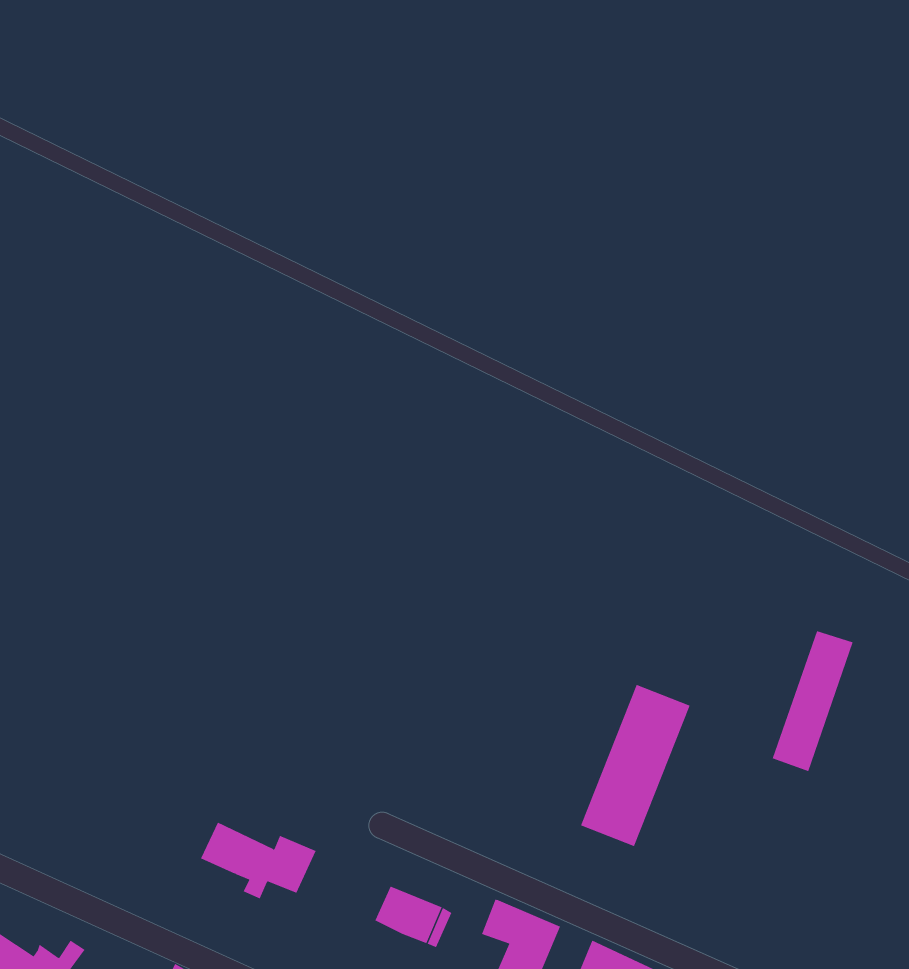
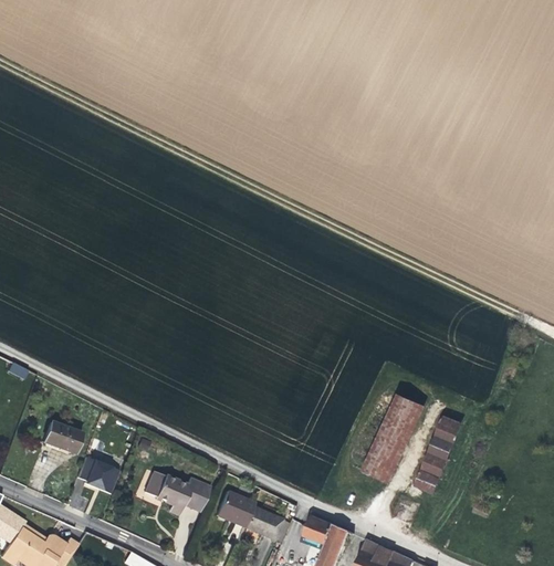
building: [772,630,853,772] -> [415,413,461,494]
building: none -> [44,421,82,452]
building: none -> [81,455,121,493]
building: none -> [217,491,255,526]

